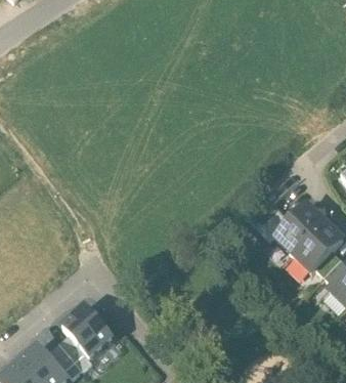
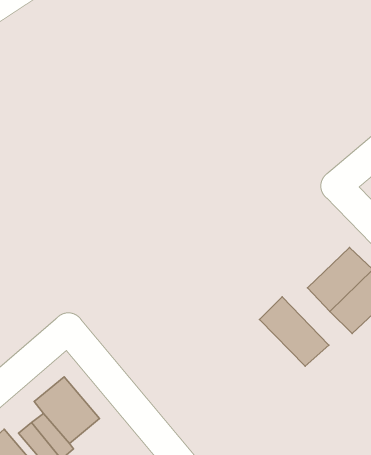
building: none -> [260,297,329,366]

